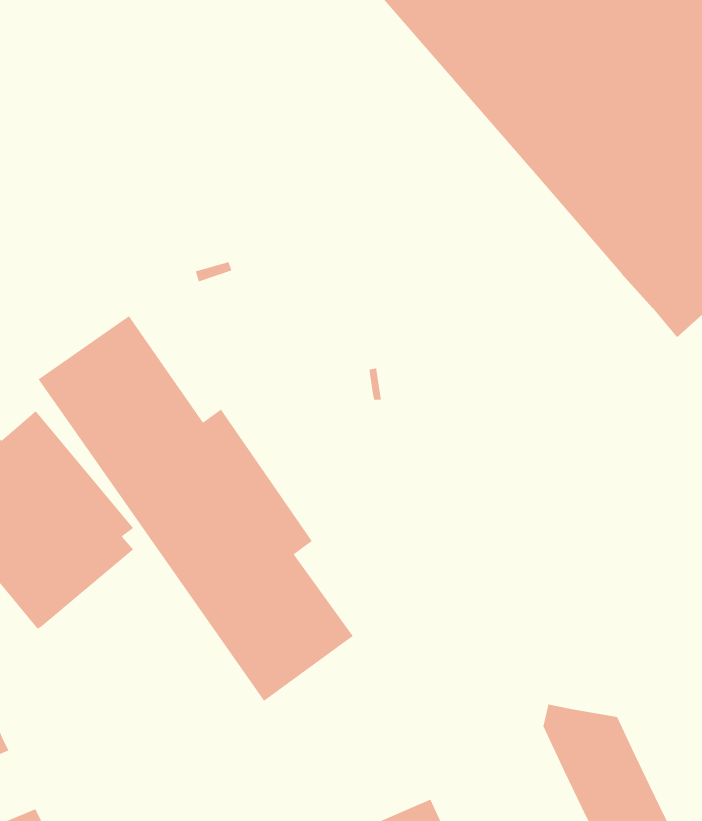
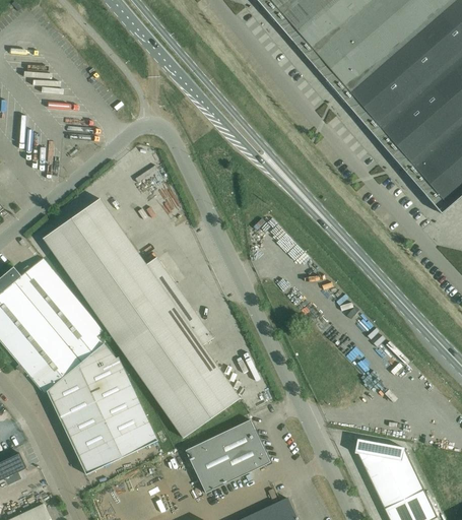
building: none -> [47,343,157,474]
building: none -> [185,419,269,493]

